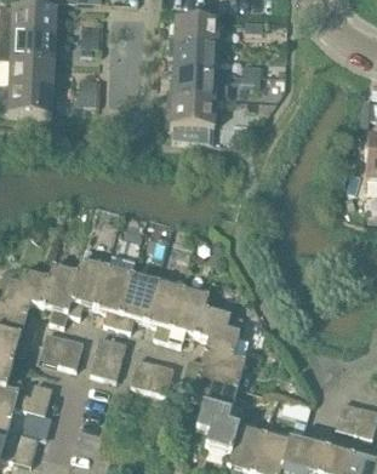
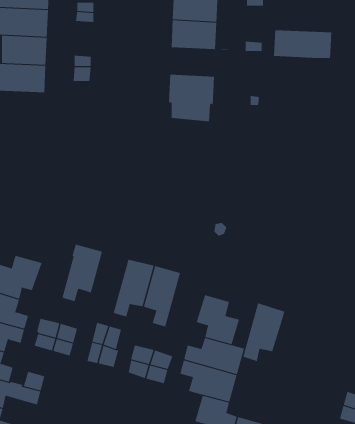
building: [172,69,229,97] -> [273,30,332,59]
building: [40,263,79,324] -> none
building: [97,265,132,325] -> none
building: [168,286,210,343] -> [243,303,285,362]

